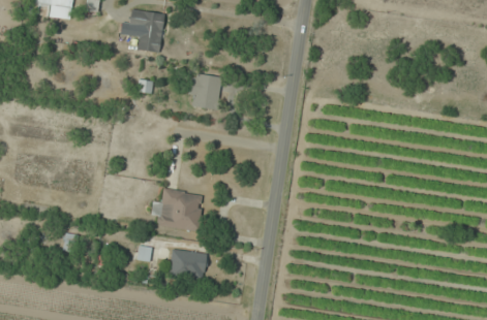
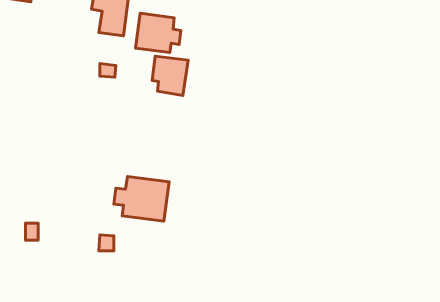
building: none -> [136,13,181,53]
building: [174,252,203,279] -> none

